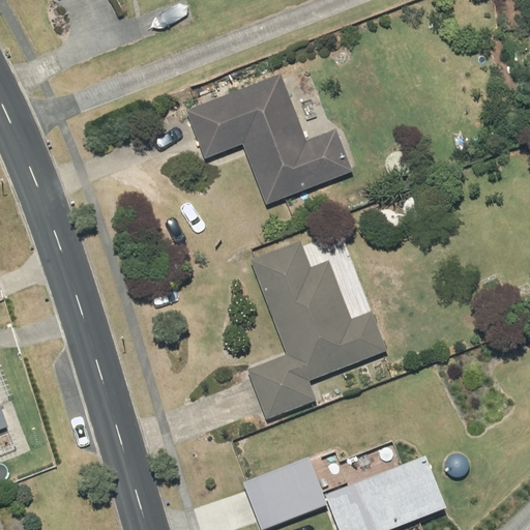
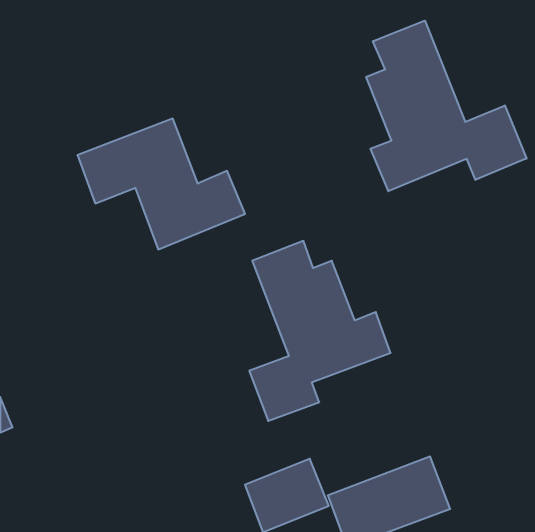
building: none -> [366,21,527,191]
building: [186,76,352,205] -> [77,119,245,249]

